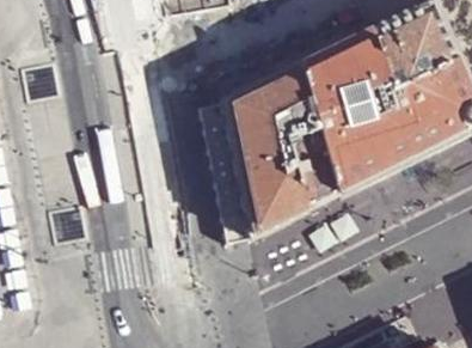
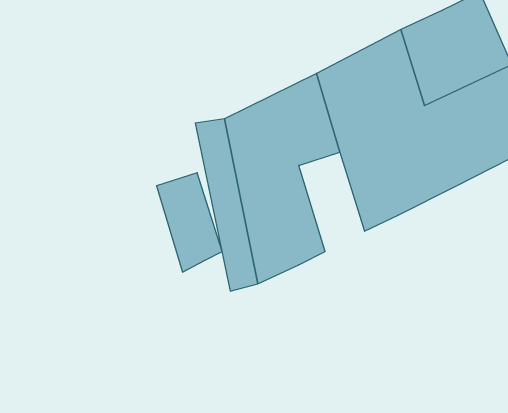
building: [283,128,337,209] -> [156,173,222,272]

